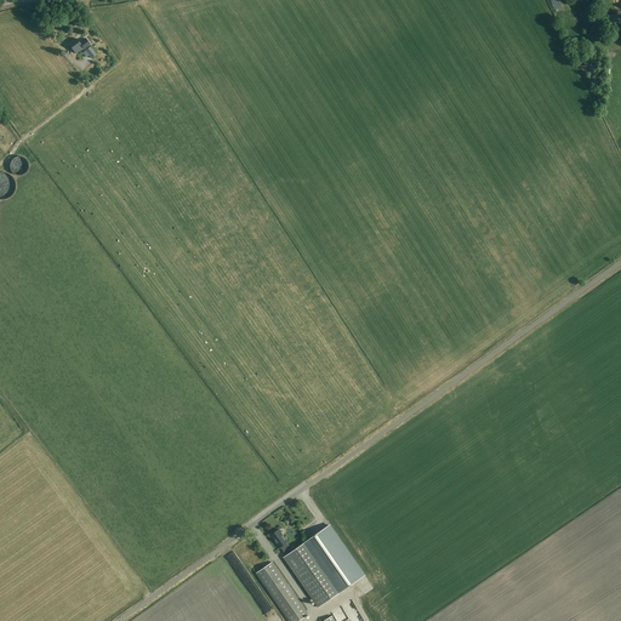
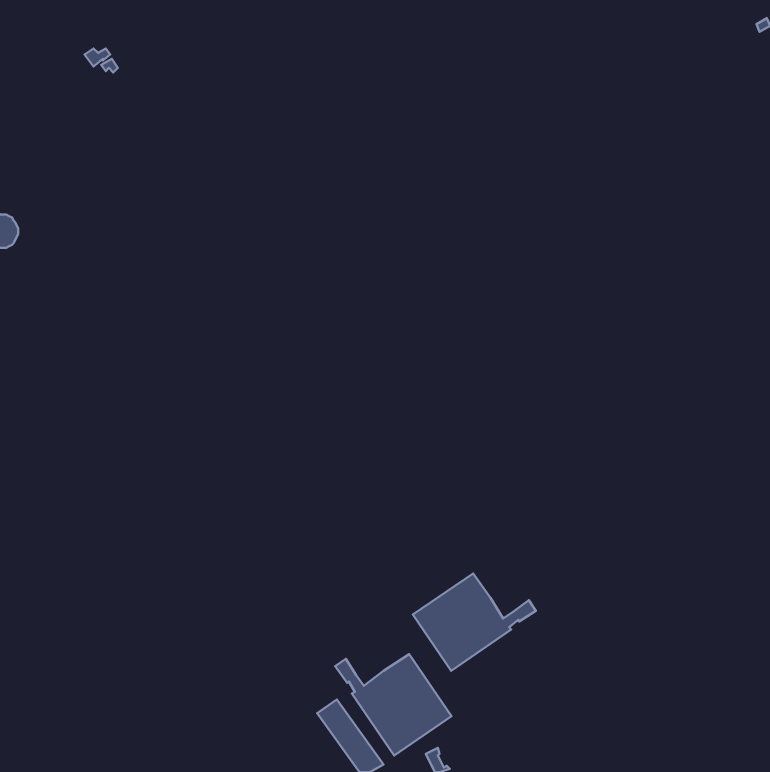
building: none -> [413,573,536,671]

